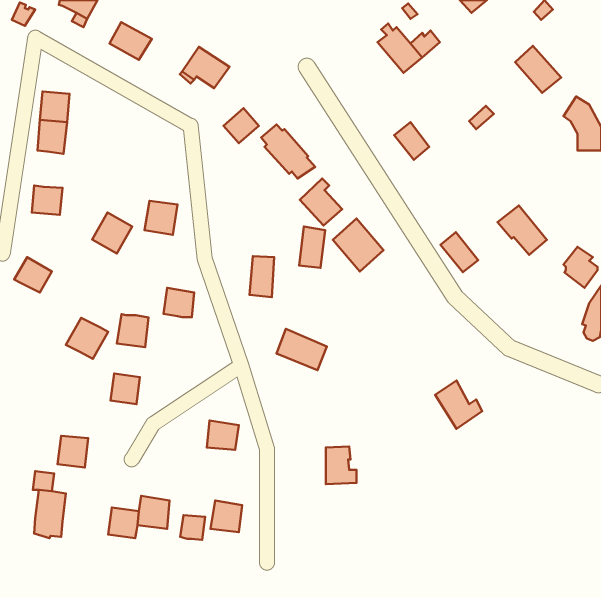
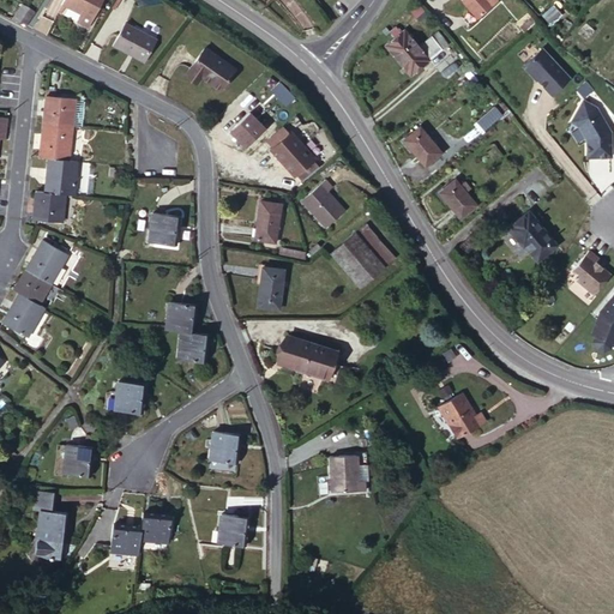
building: none -> [44,157,77,195]
building: [92,212,132,254] -> [28,237,68,279]
building: [299,227,325,268] -> [254,200,281,242]
building: [441,232,478,272] -> [437,177,475,218]
building: [117,314,149,347] -> [176,325,209,359]
building: [66,318,108,359] -> [6,291,49,333]
building: [180,515,205,540] -> none

